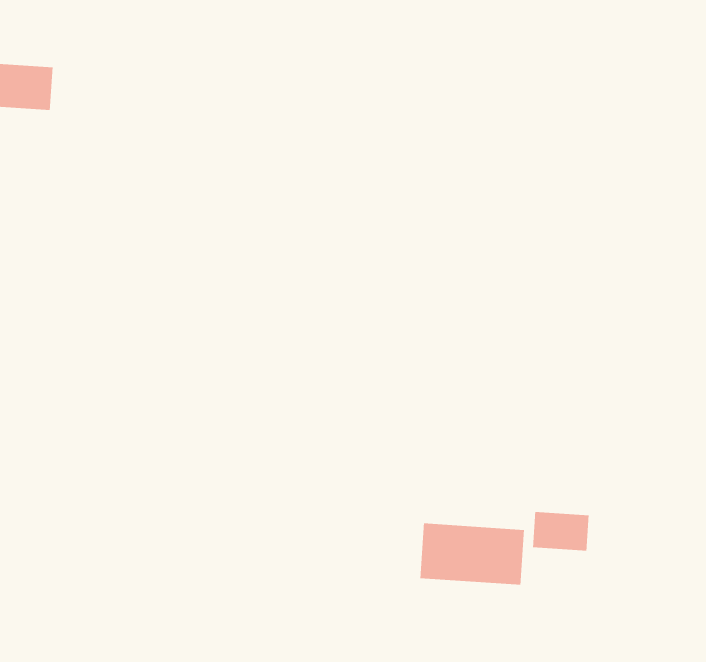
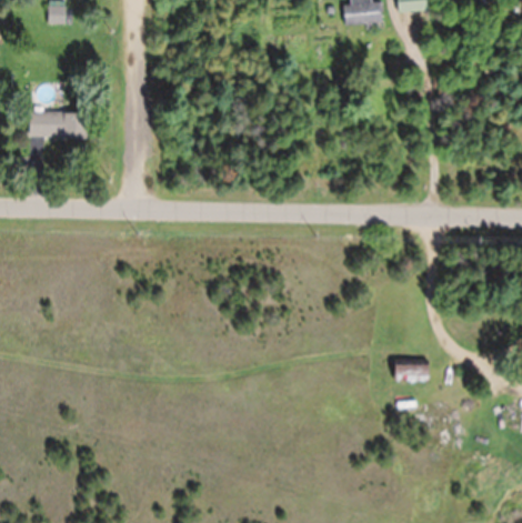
building: [419,523,525,585] -> none

